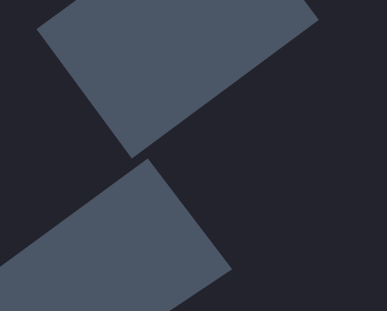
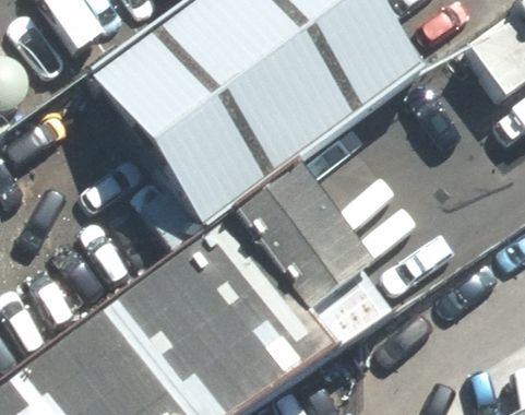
building: none -> [227,166,367,315]

